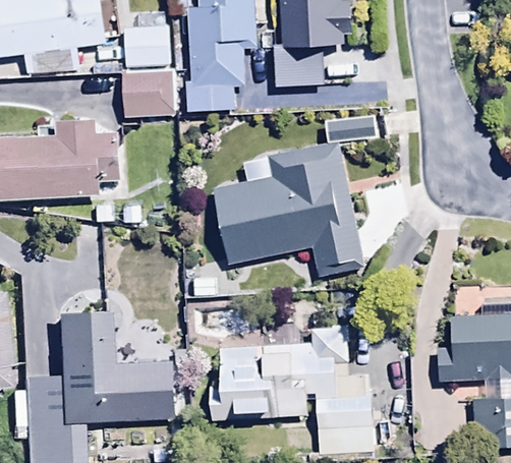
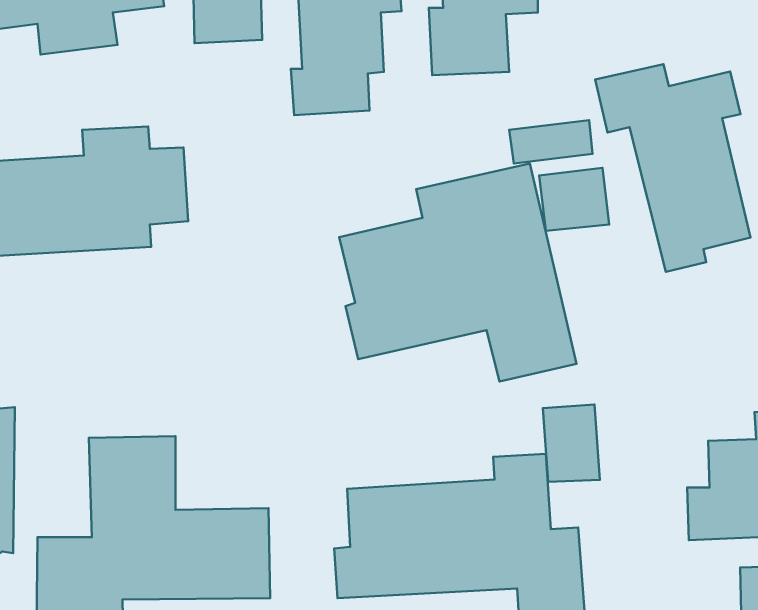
building: [122,66,175,117] -> none
building: none -> [595,64,751,272]
building: none -> [539,168,609,231]
building: none -> [543,404,600,482]

